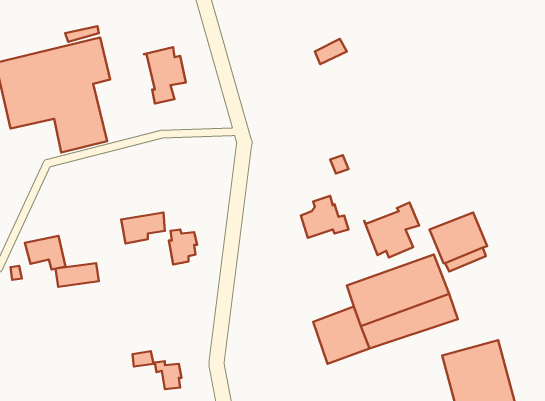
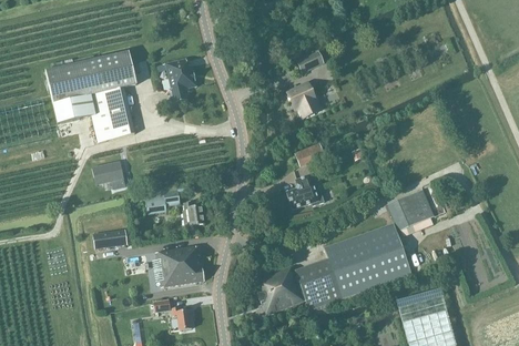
building: none -> [287,82,316,116]
building: [364,203,419,257] -> none
building: [25,236,66,269] -> [92,161,124,187]
building: none -> [155,245,204,286]
building: none -> [253,267,303,316]

